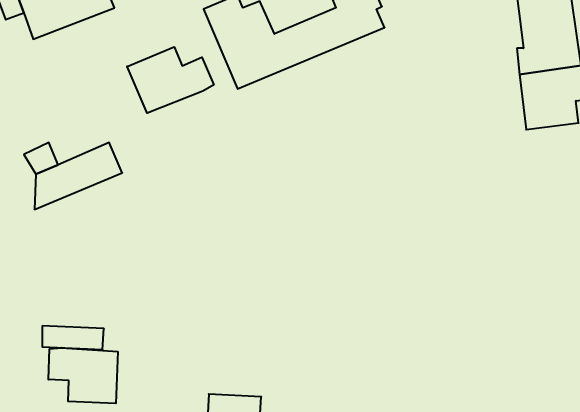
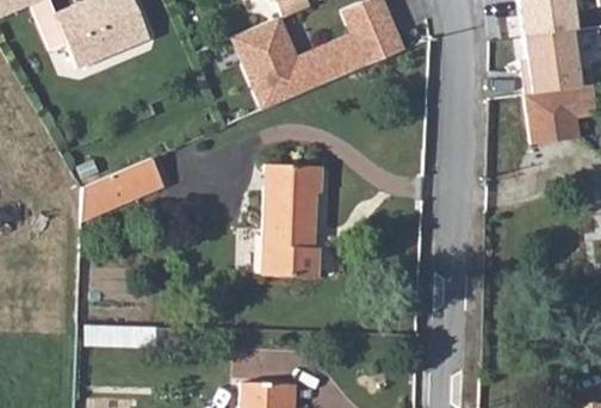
building: [127,47,214,113] -> none
building: none -> [260,166,324,276]
building: [48,348,118,403] -> none

